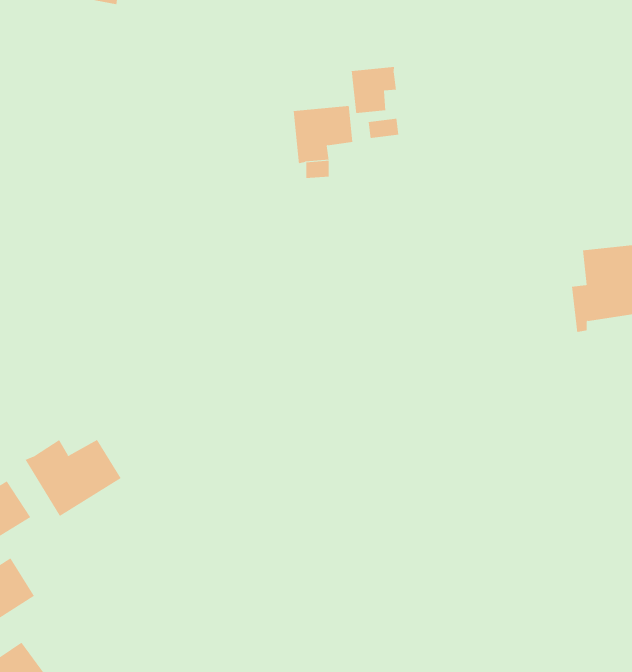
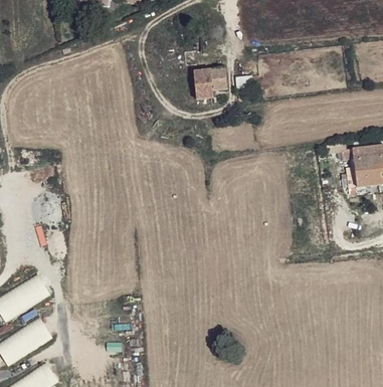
building: [351,66,397,114] -> none
building: [25,439,121,517] -> none

